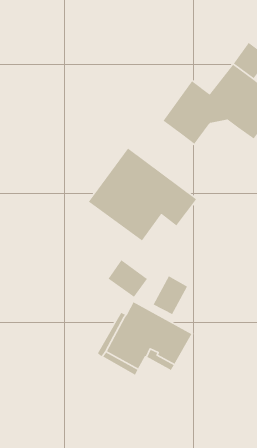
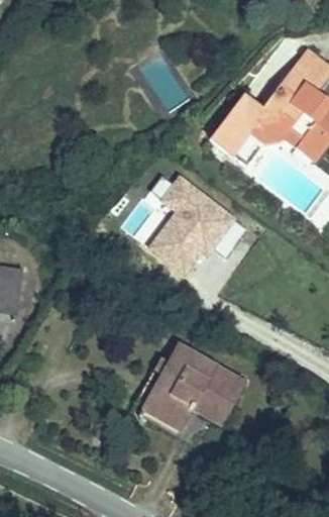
building: [108,259,148,298] -> none
building: [153,275,189,315] -> none

